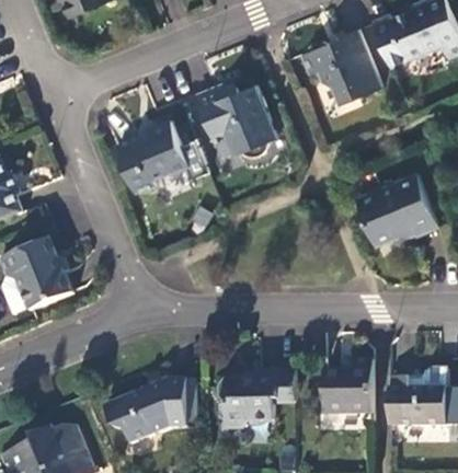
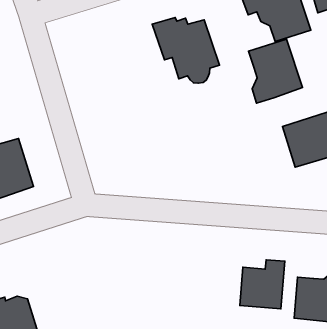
building: none -> [249,39,303,103]
building: [116,120,208,194] -> none
building: [219,370,280,429] -> none
building: [103,379,188,443] -> none

